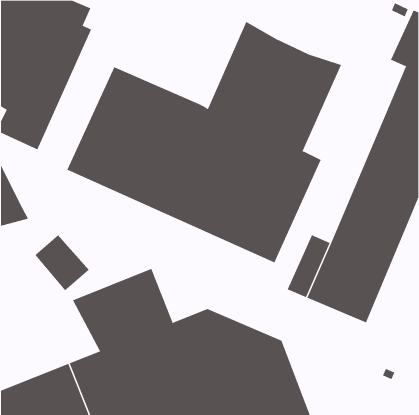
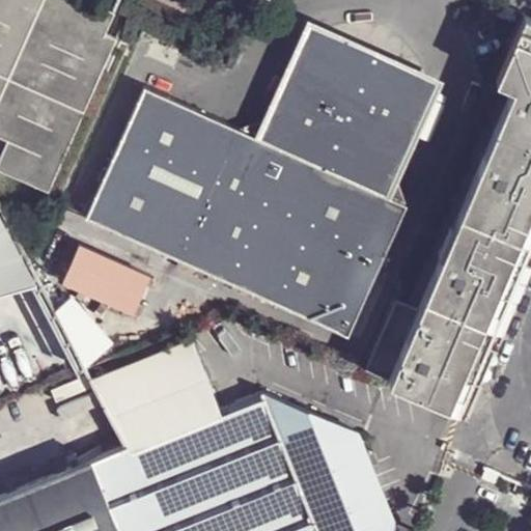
building: none -> [255,22,444,199]
building: none -> [63,248,152,318]

